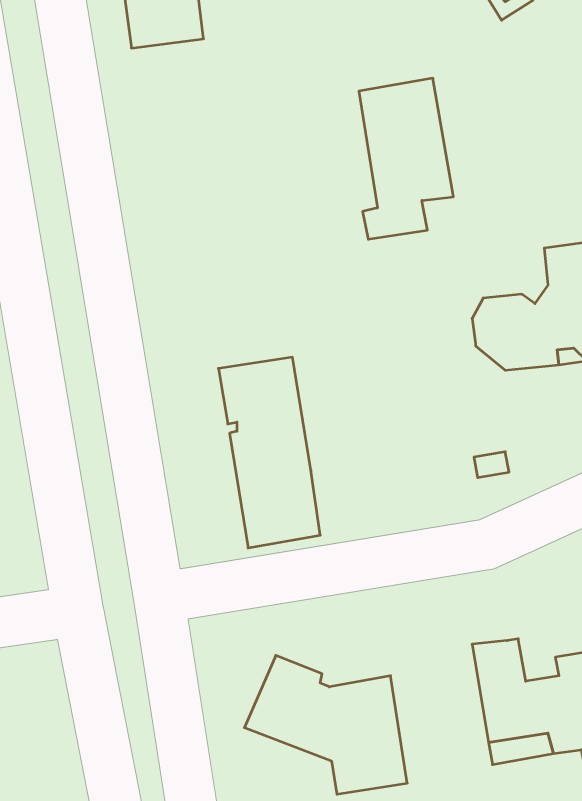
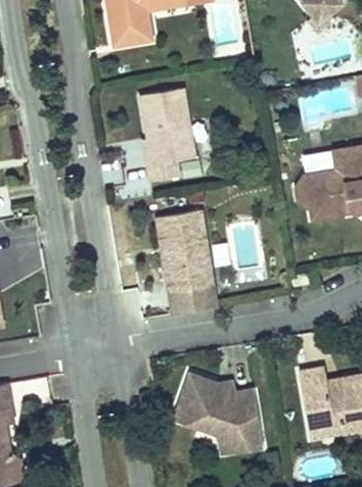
building: [359,78,453,239] -> [140,90,192,179]

